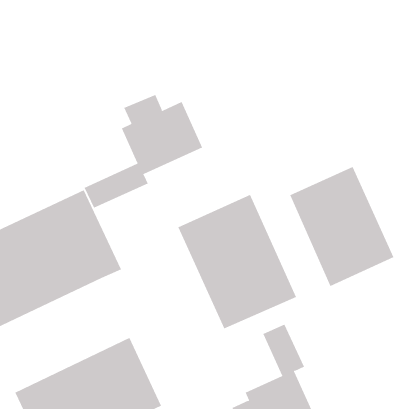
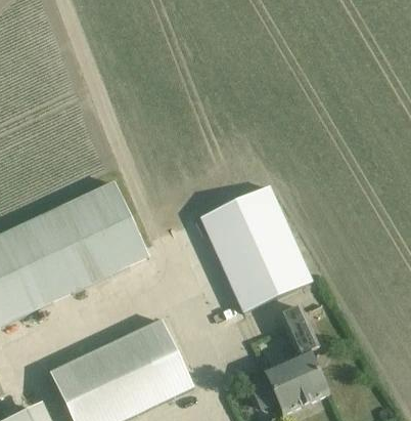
building: [84,94,203,209] -> none
building: [289,166,394,287] -> none

